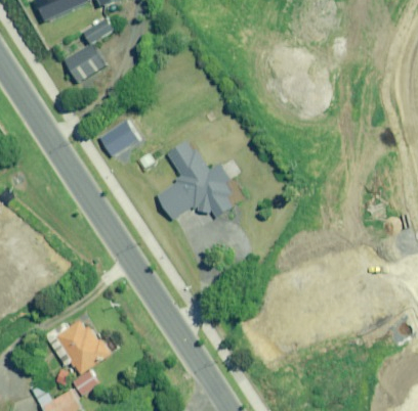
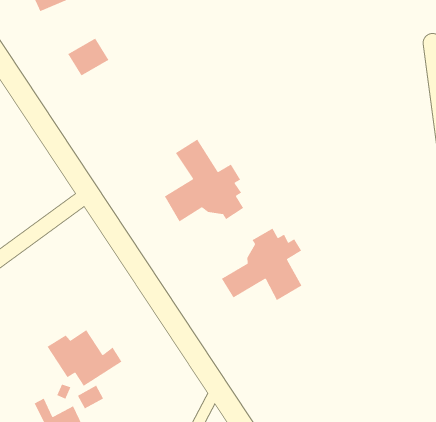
building: [84,19,115,45] -> none
building: [99,123,136,155] -> none
building: none -> [221,228,302,301]

